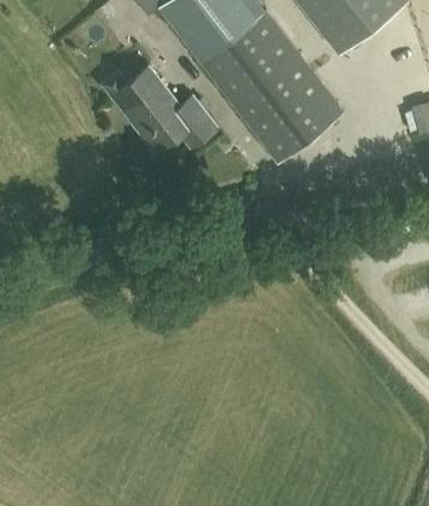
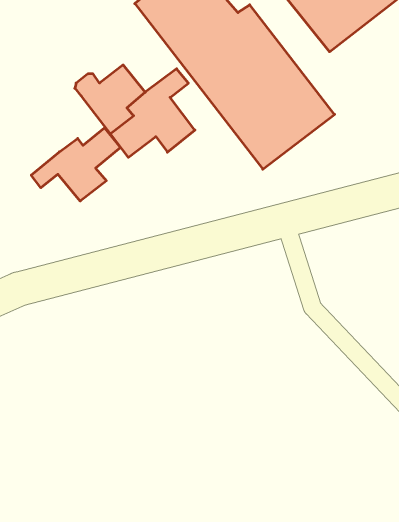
building: none -> [31,128,121,201]

